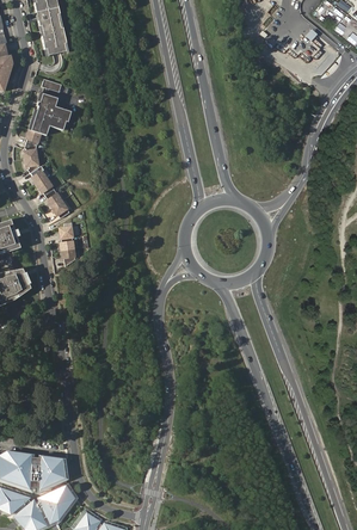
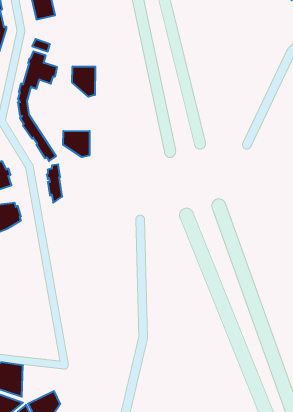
building: none -> [72,66,95,97]
building: none -> [63,131,90,157]
building: [39,455,66,489] -> none

